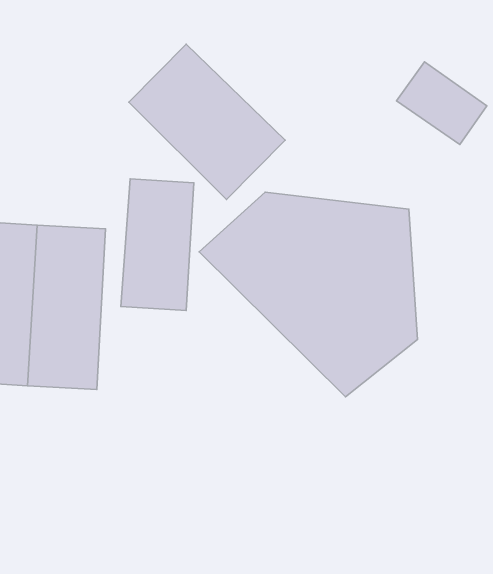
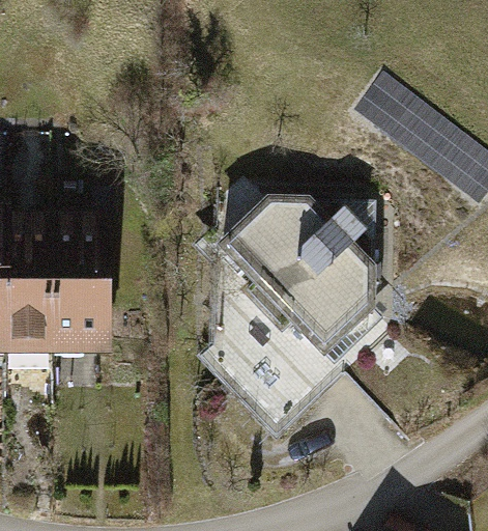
building: [129,44,285,199] -> none
building: [121,179,194,310] -> none

